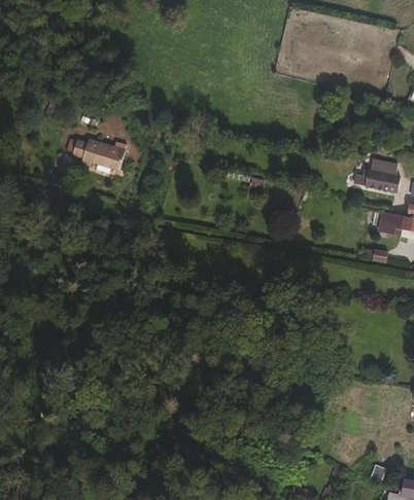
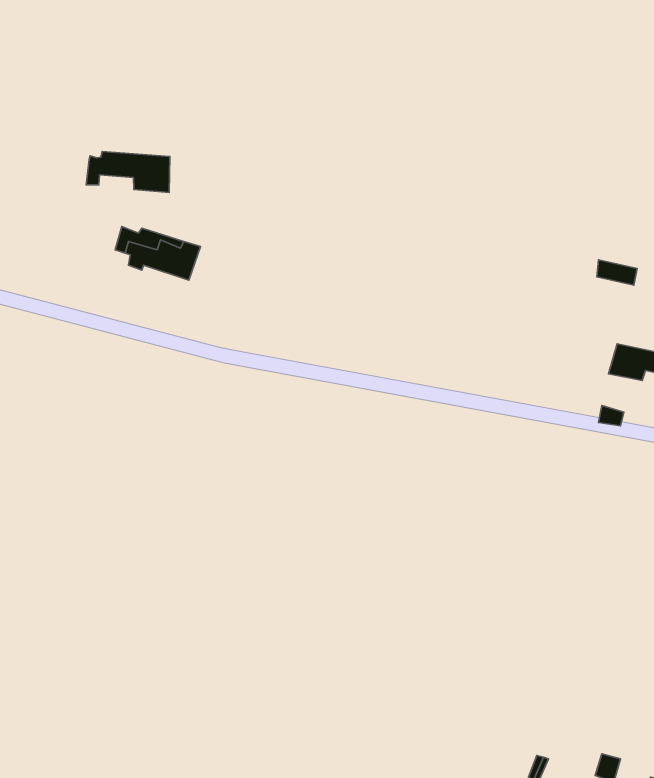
building: none -> [86,152,170,192]
building: [363,170,400,191] -> none

